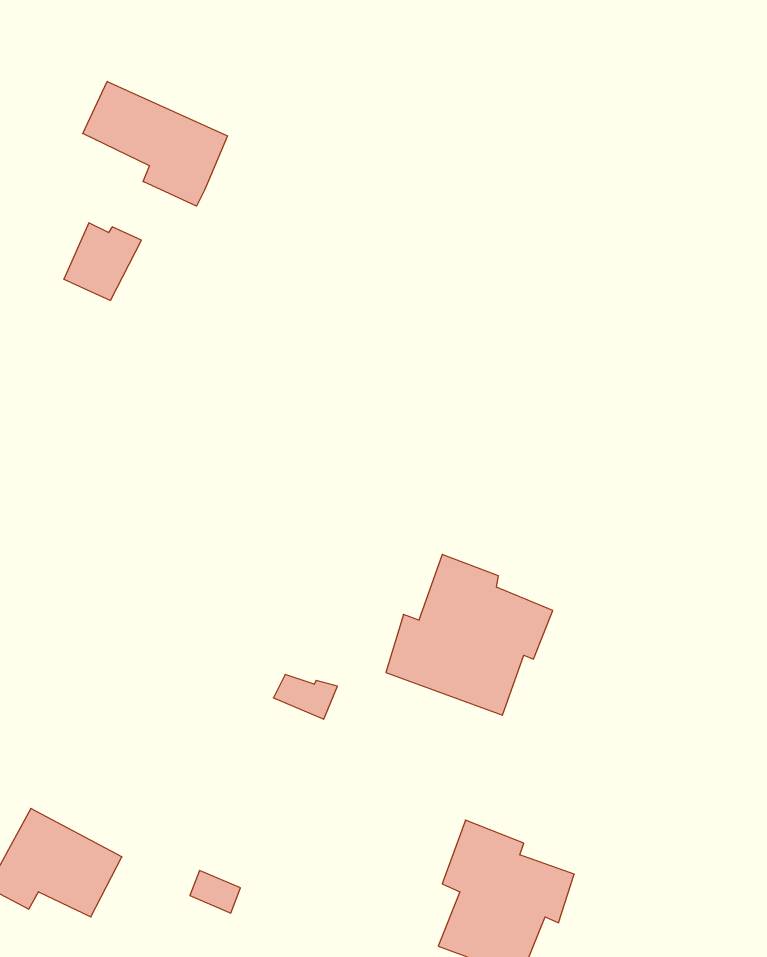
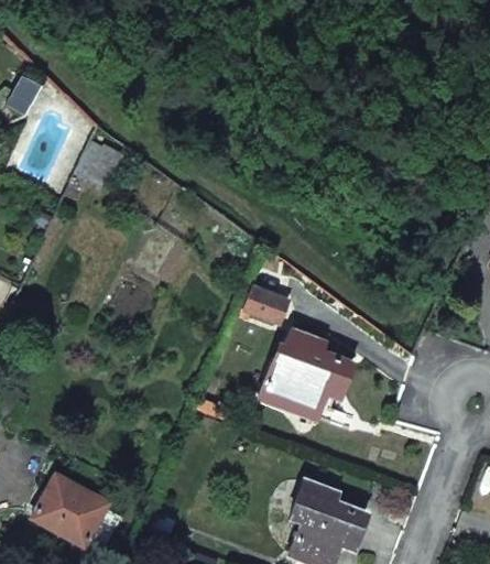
building: [83,81,228,206] -> none
building: none -> [240,285,287,321]

